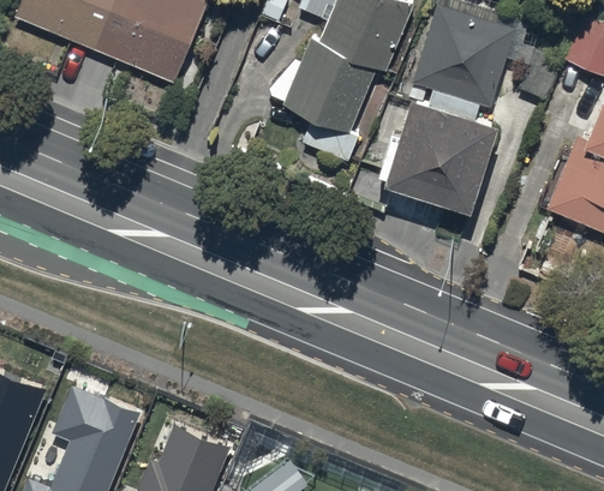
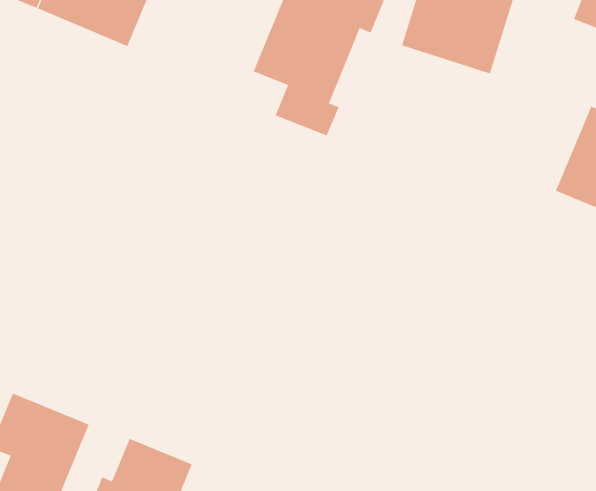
building: [387,100,500,214] -> none

